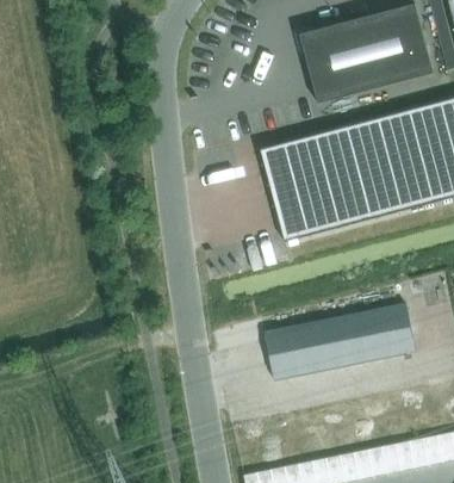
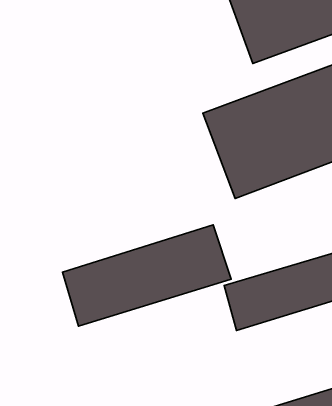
building: none -> [62,225,231,326]

